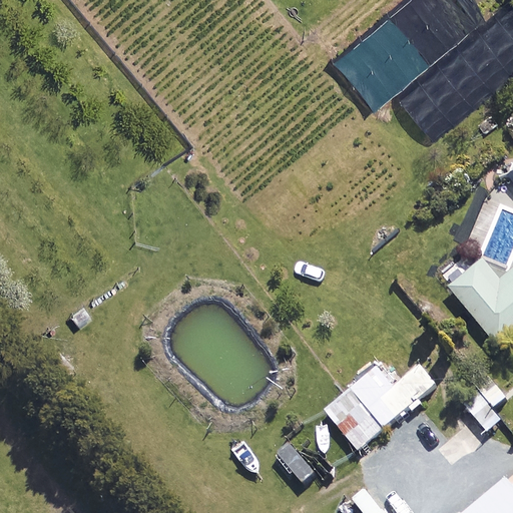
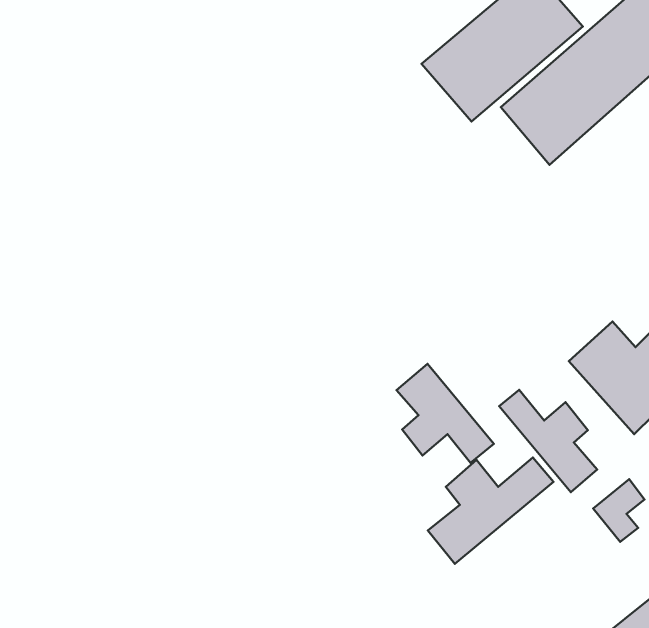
building: none -> [397,364,494,463]
building: none -> [499,390,597,492]

